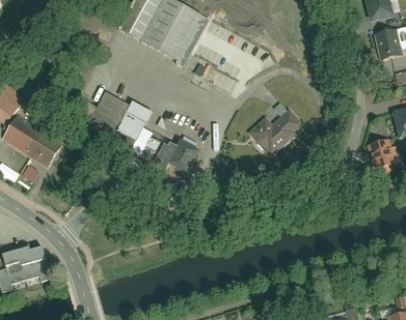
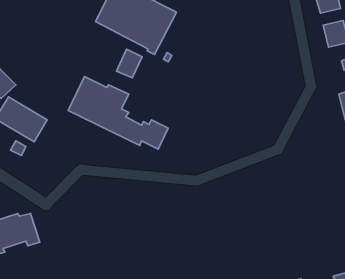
building: none -> [116,49,142,78]
building: [246,108,303,158] -> none
building: [367,140,393,168] -> none

